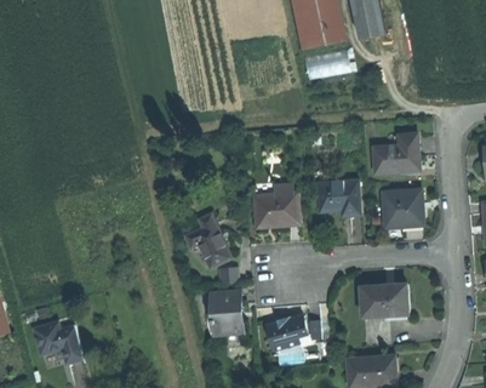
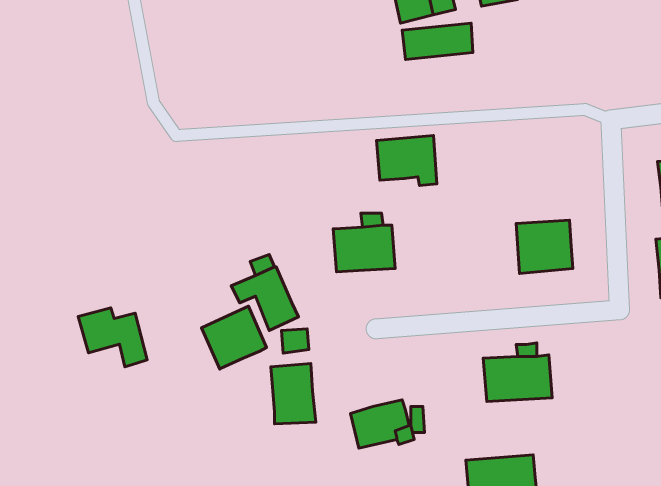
building: [373,133,418,173] -> none
building: [318,179,360,215] -> [376,135,437,185]
building: none -> [202,306,267,369]
building: [34,324,82,365] -> [78,308,147,367]

